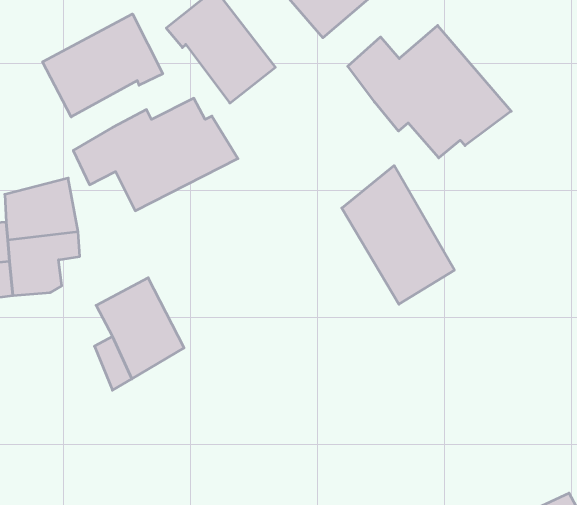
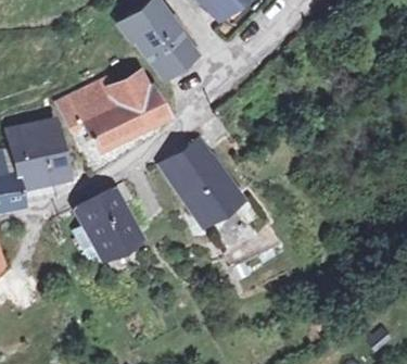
building: [43,14,163,117] -> none
building: [348,25,511,158] -> none
building: [342,166,454,304] -> [164,134,239,226]

